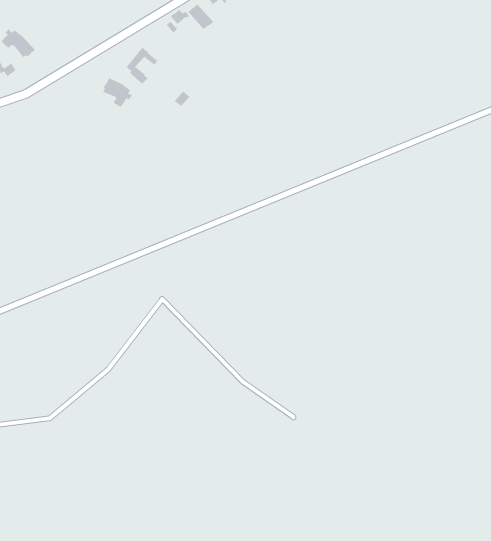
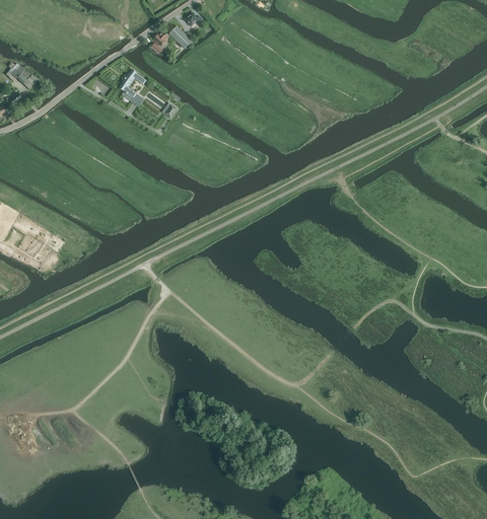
building: [102,77,133,107] -> none

